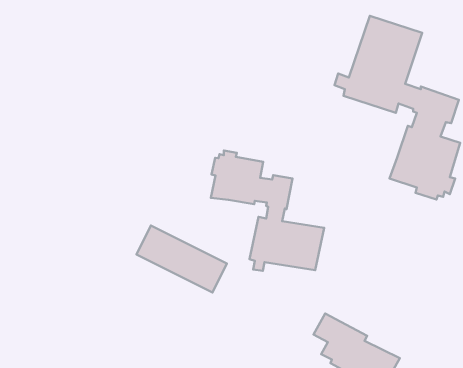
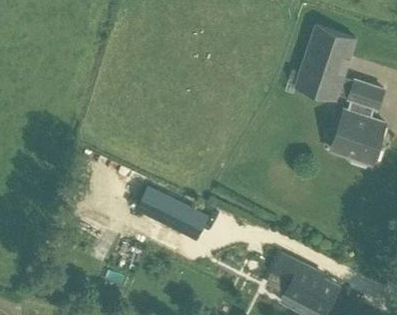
building: [211,151,324,271] -> none

